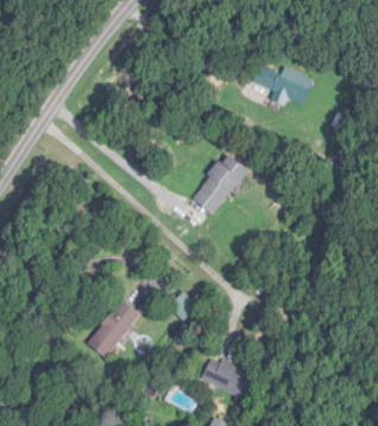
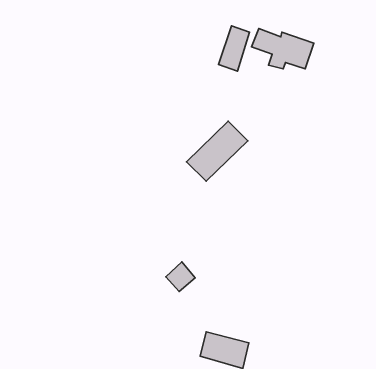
building: none -> [219,26,250,71]
building: [86,300,139,357] -> none

